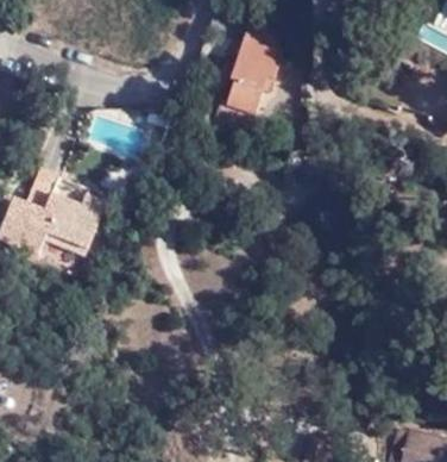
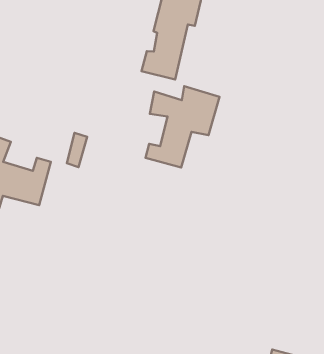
building: none -> [145,86,219,168]

